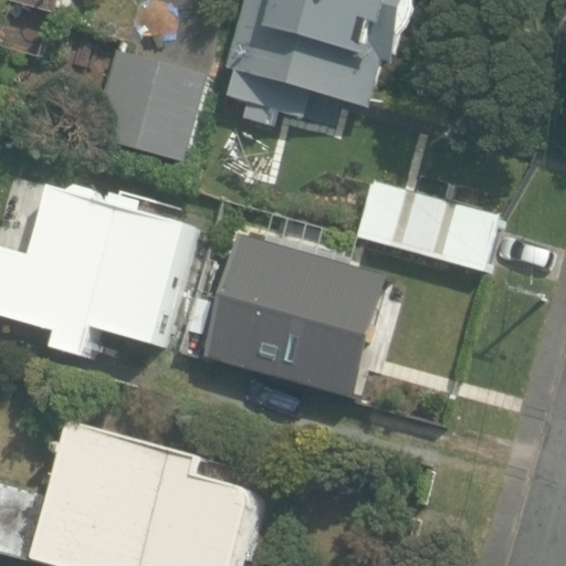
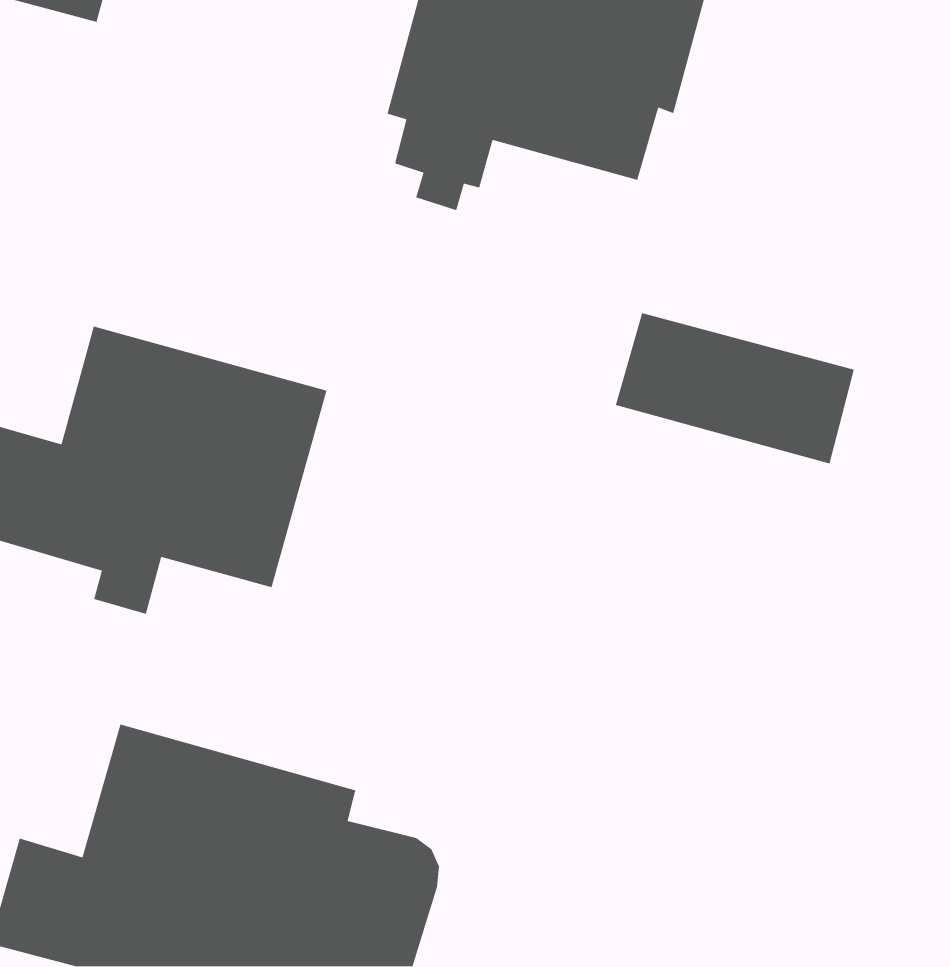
building: [92,51,203,169] -> none
building: [208,238,392,402] -> none

